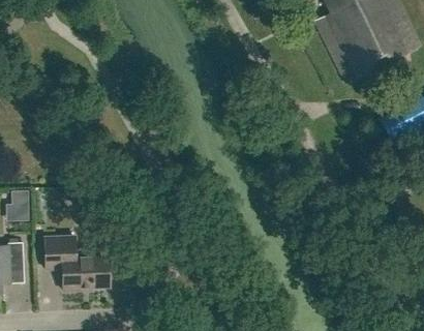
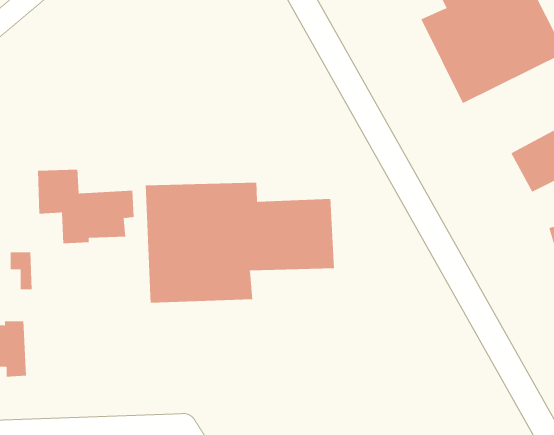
building: none -> [145,182,335,303]
building: [44,236,116,291] -> [37,169,134,244]

